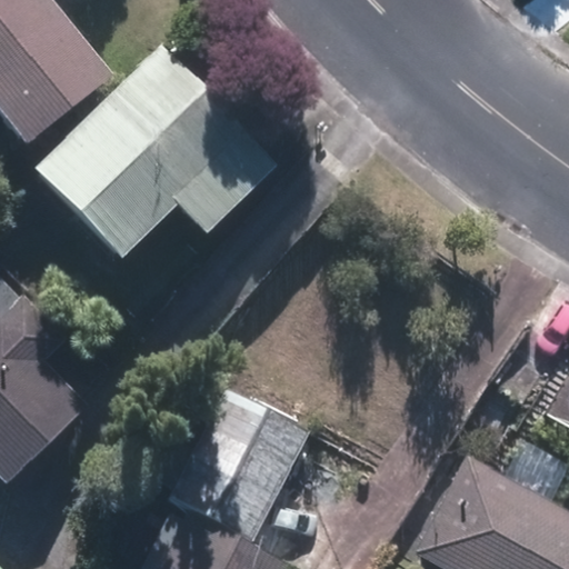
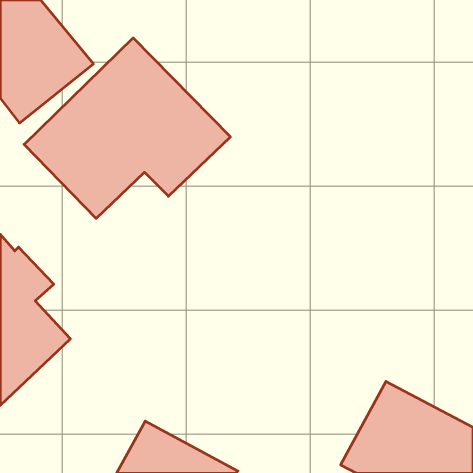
building: [169,388,310,541] -> none

